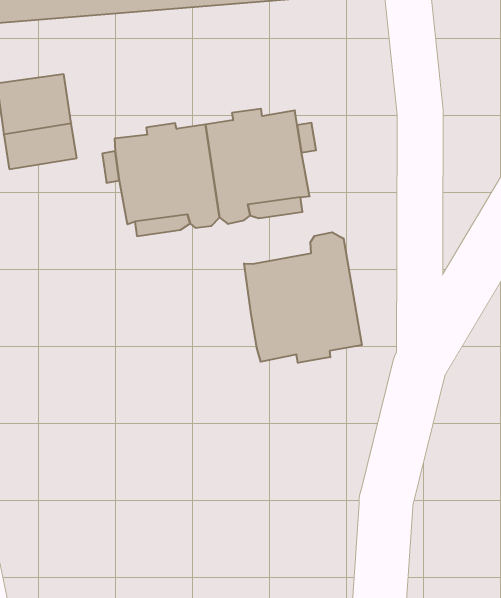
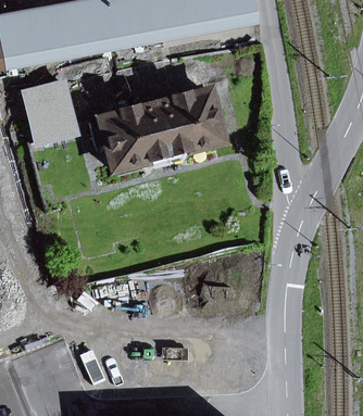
building: [244,232,362,363] -> none

